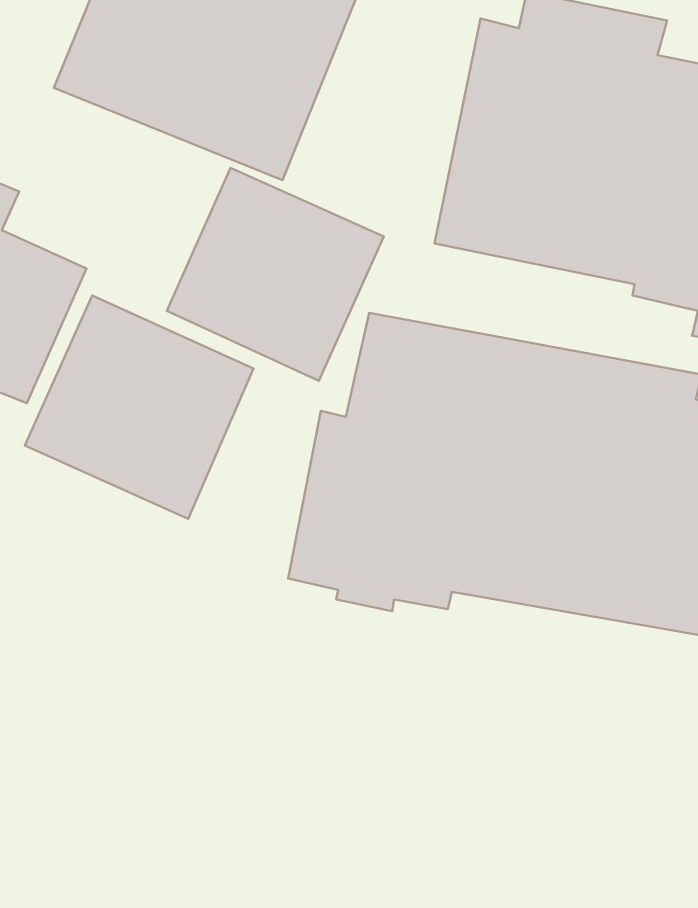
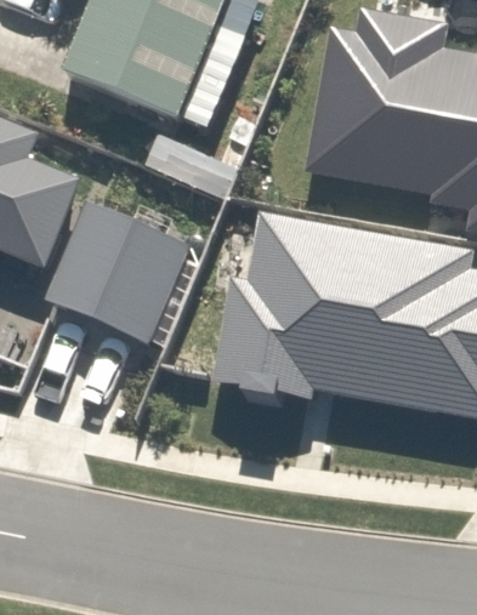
building: [167,168,384,381] -> none

